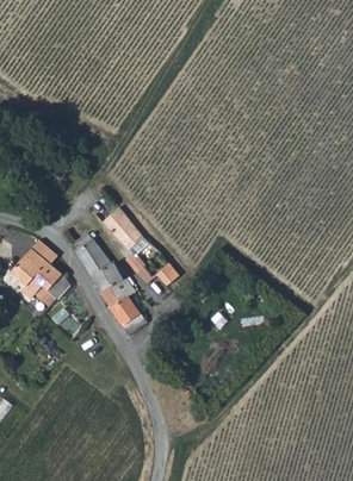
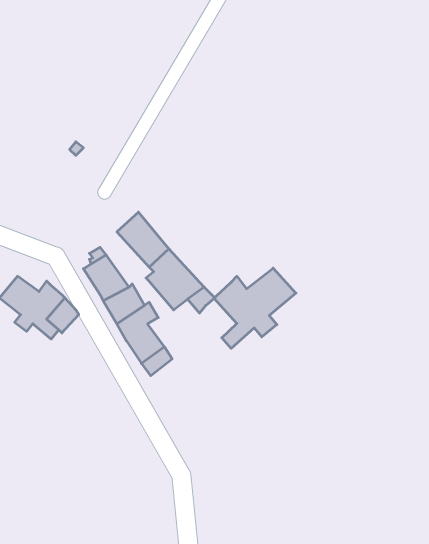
building: [24,236,57,268] -> none
building: none -> [214,268,296,348]

